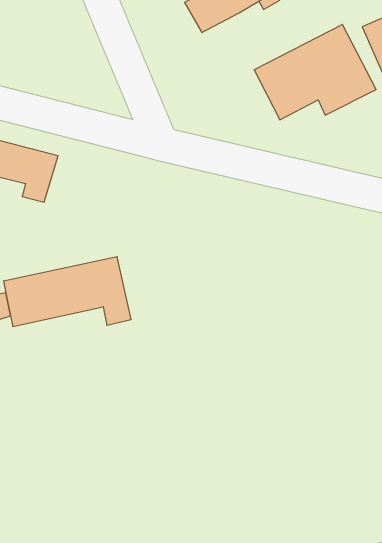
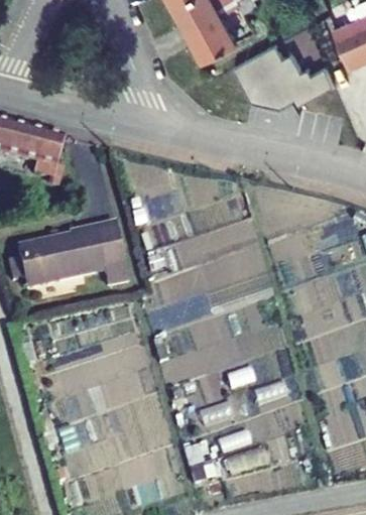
building: none -> [189,14,236,59]

